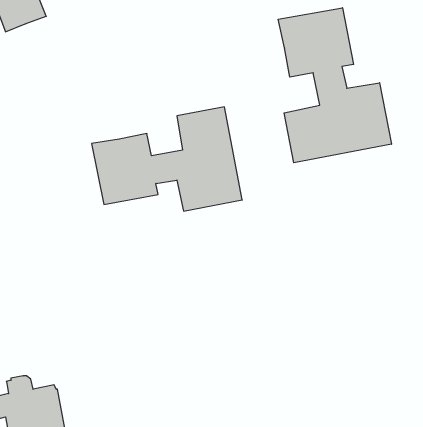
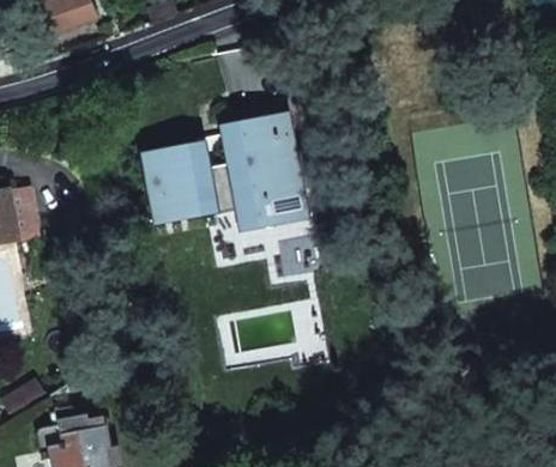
building: [278,8,391,163] -> none

